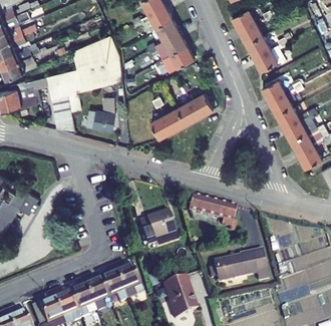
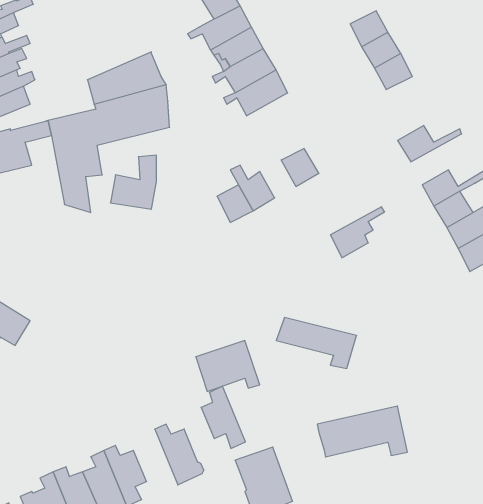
building: [254,46,284,72] -> none
building: [269,85,302,116] -> [330,207,385,258]
building: [172,92,199,124] -> none
building: [99,266,126,304] -> [201,386,245,448]

